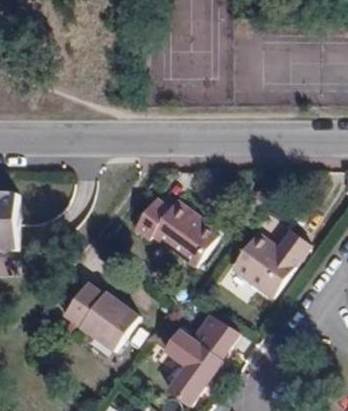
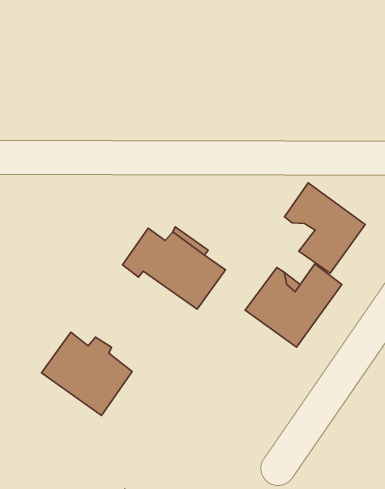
building: none -> [284,183,365,273]
building: [166,311,234,398] -> none

